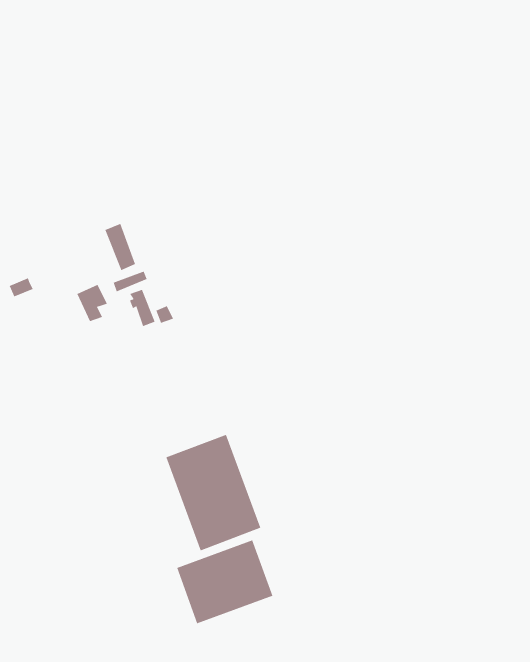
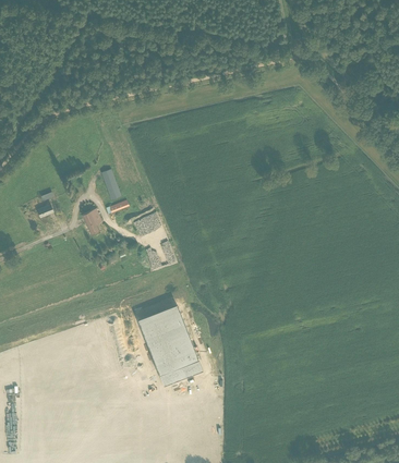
building: [176,539,273,624] -> none

